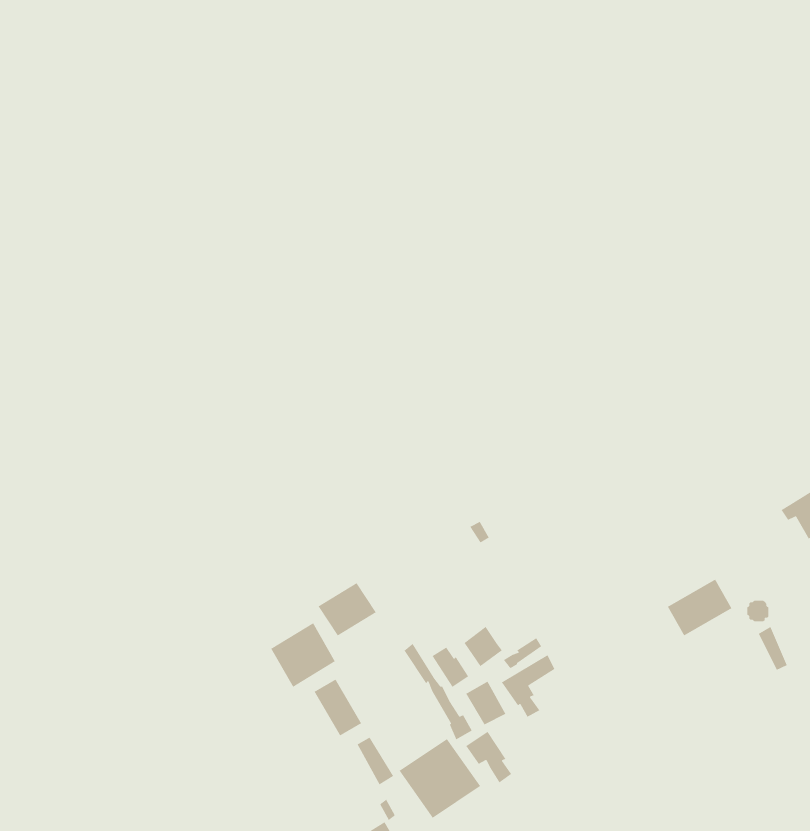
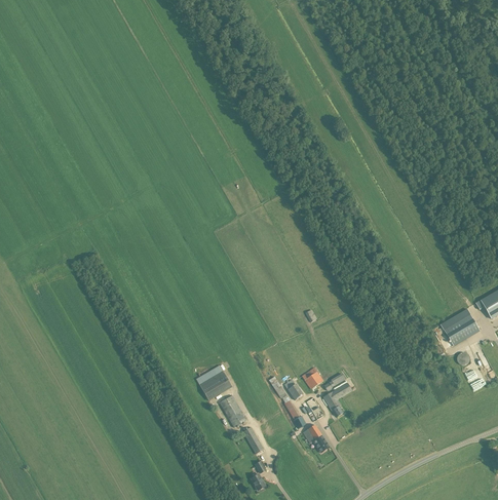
building: [667,578,732,637] -> [444,313,480,345]
building: [318,582,377,637] -> none
building: [399,738,481,819] -> none

